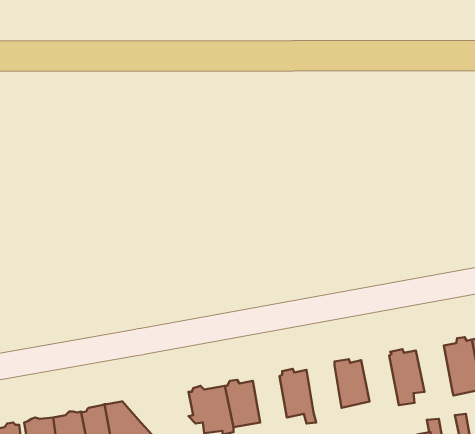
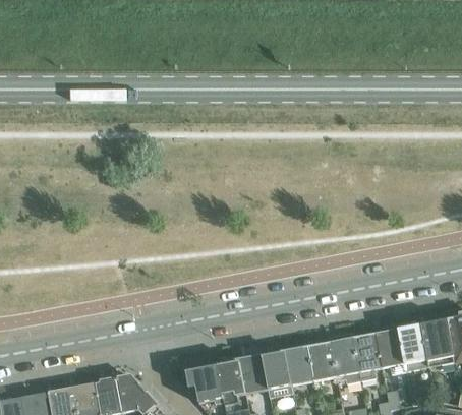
building: none -> [376,328,406,372]
building: none -> [330,336,361,382]
building: none -> [284,343,313,386]
building: none -> [239,352,268,394]

